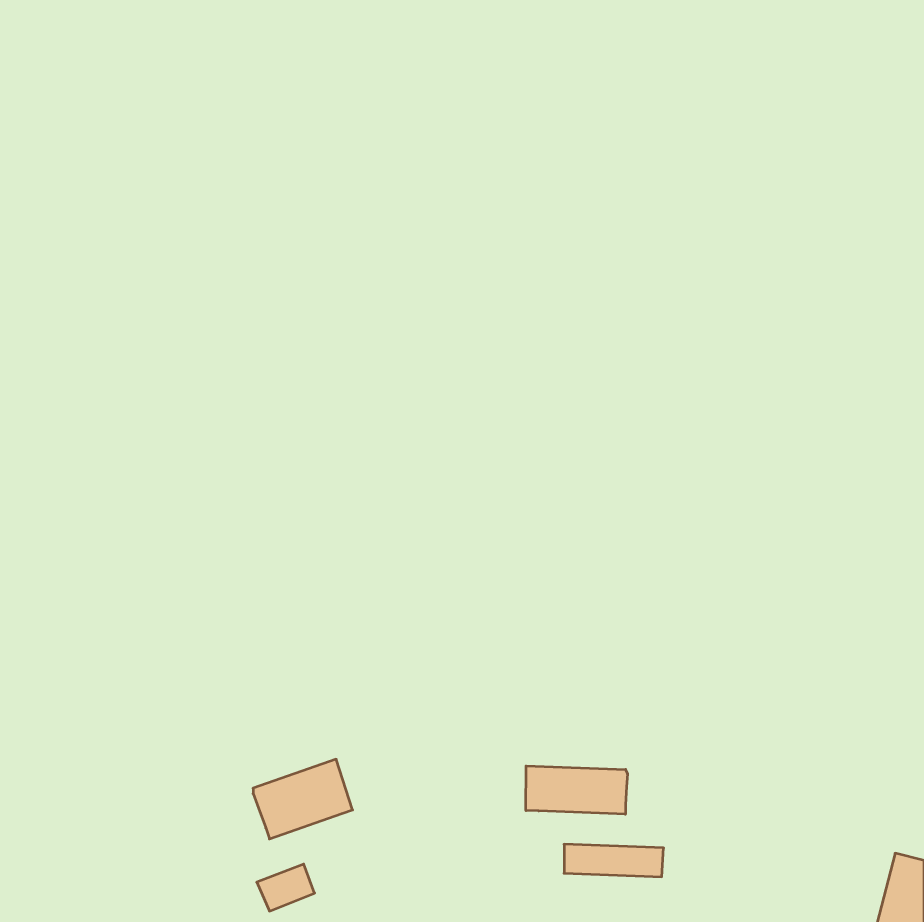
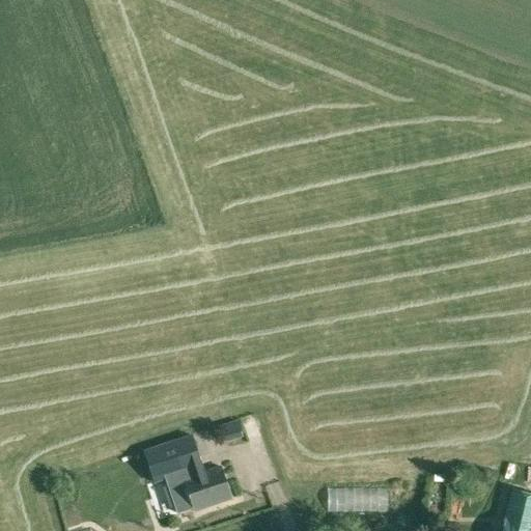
building: [526,766,627,814] -> none
building: none -> [184,468,231,512]

